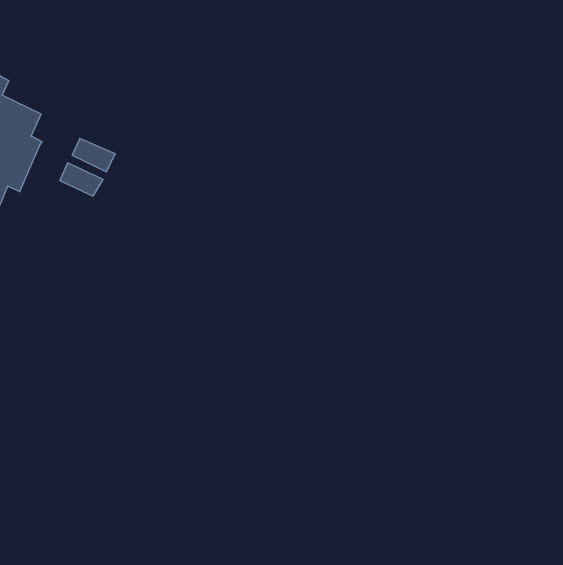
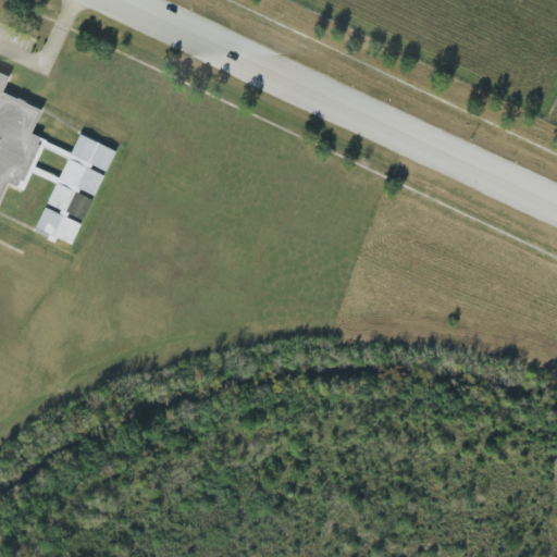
building: none -> [47,183,89,218]
building: none -> [36,207,75,240]

